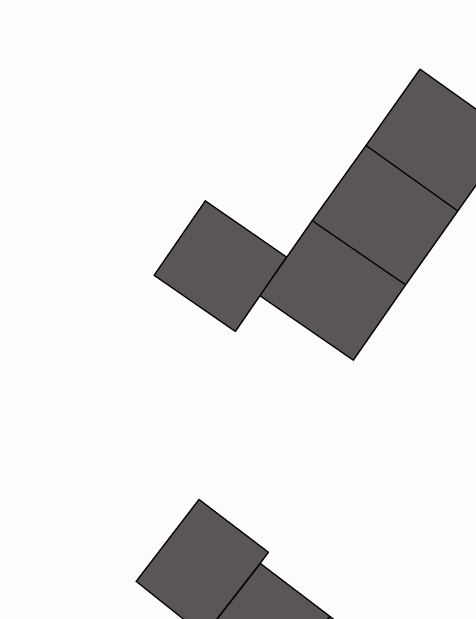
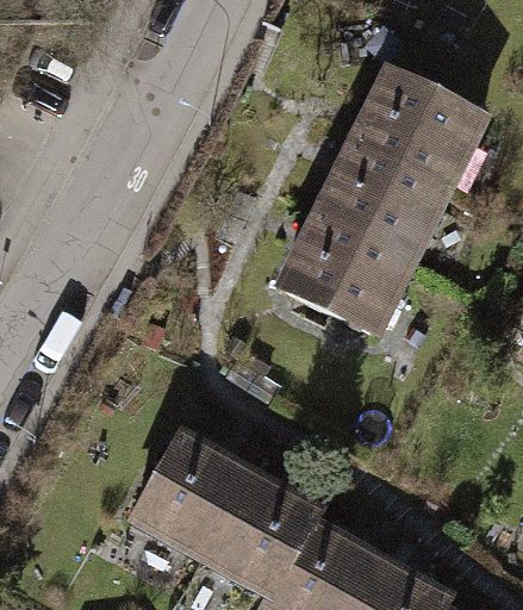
building: [154,201,286,331] -> none
building: none -> [136,436,249,554]

